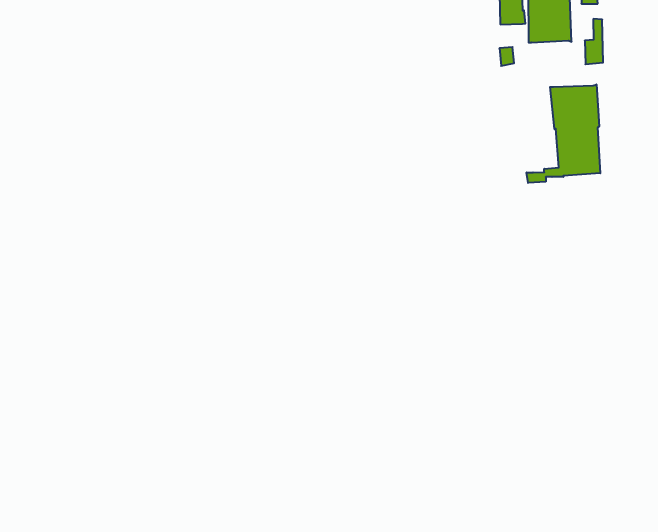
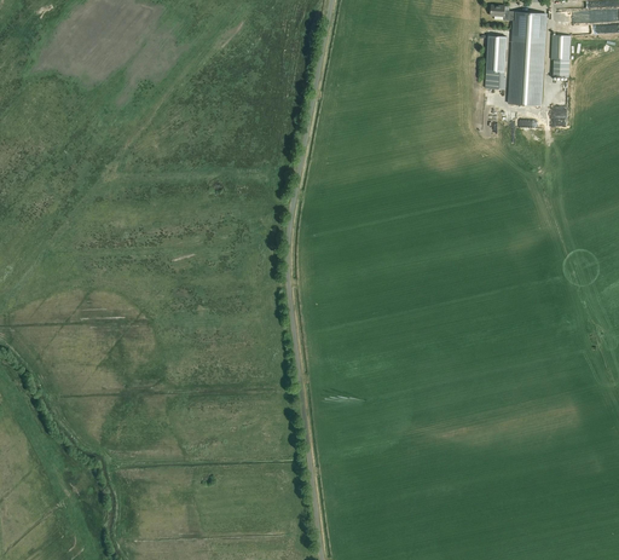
building: [527,84,600,183] -> none

